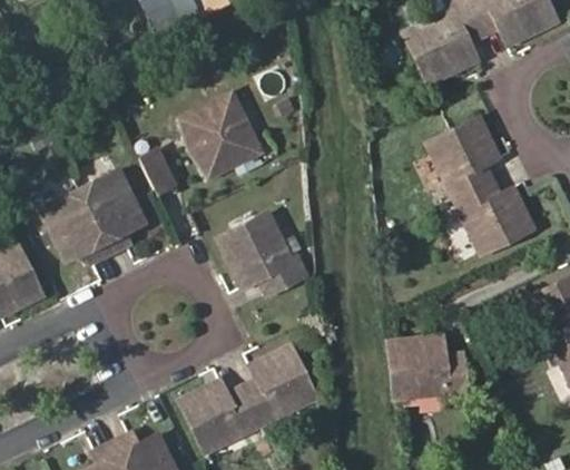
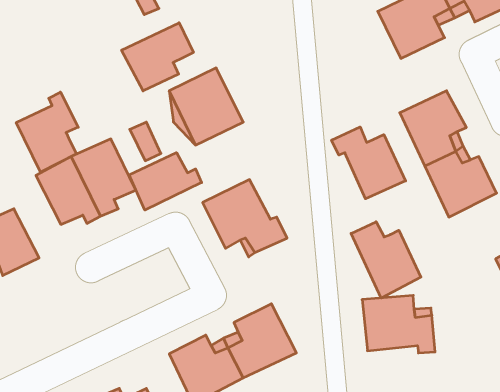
building: none -> [122,23,193,91]
building: none -> [16,92,78,172]
building: none -> [332,127,406,199]
building: none -> [129,153,202,210]
building: none -> [351,222,421,298]

